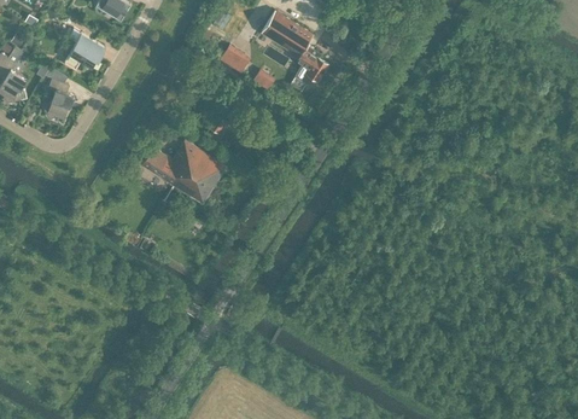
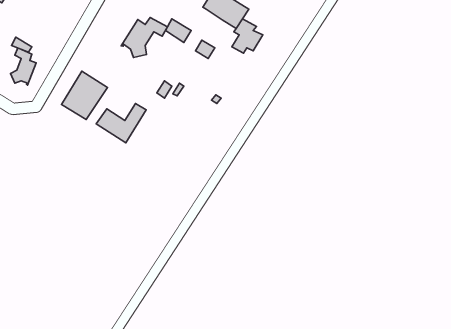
building: [64,30,105,70] -> none
building: none -> [121,17,168,58]
building: [174,149,226,203] -> [62,71,108,119]

